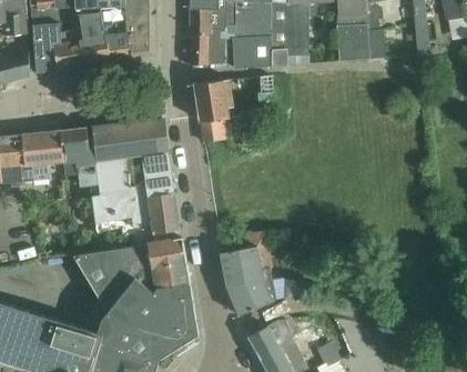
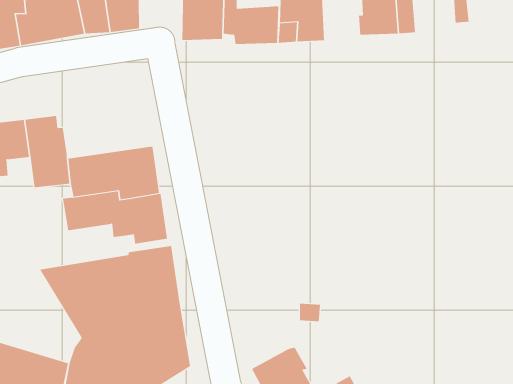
building: [194,79,235,142] -> none
building: [91,120,165,162] -> none
building: [220,231,276,315] -> none

